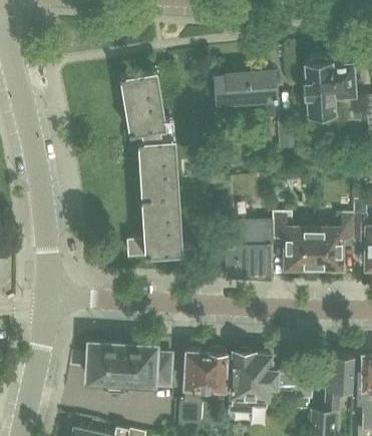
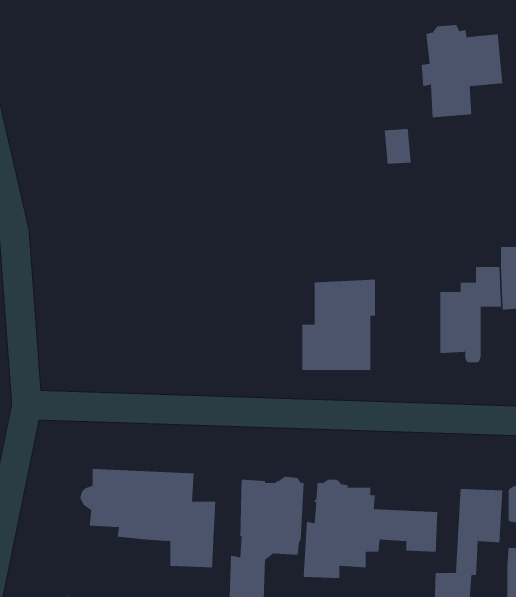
building: [212,70,278,118] -> none
building: [121,73,175,257] -> none
building: [273,212,314,270] -> none

